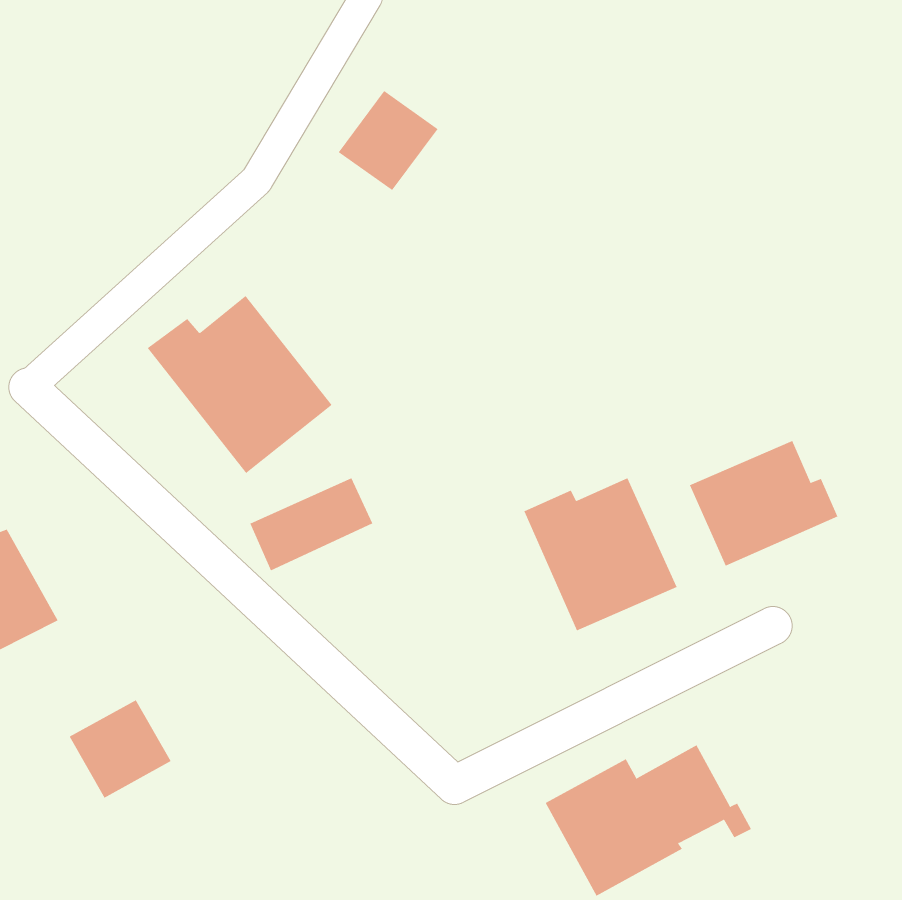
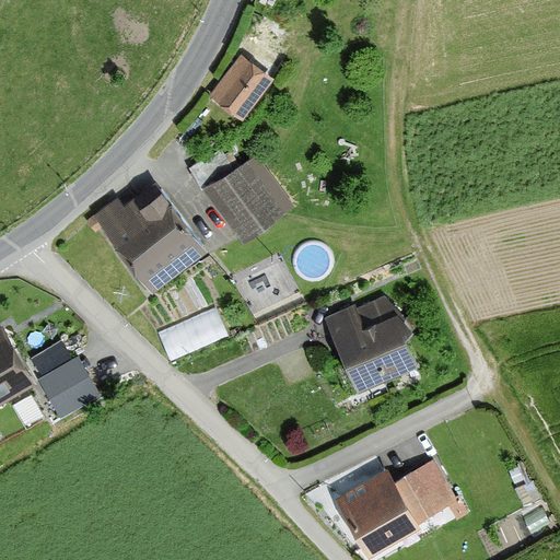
building: none -> [187,148,285,246]
building: [689,440,838,567] -> none
building: [69,699,171,798] -> [36,354,100,416]

